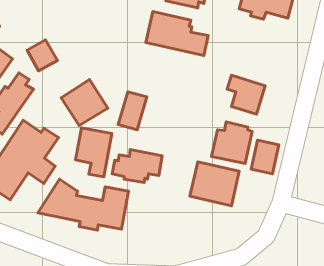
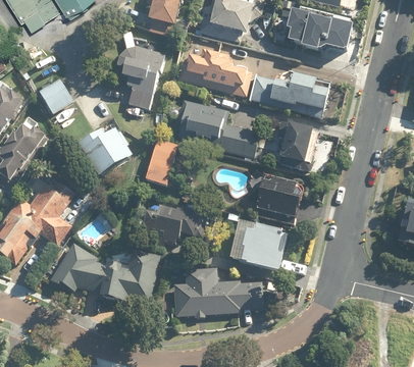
building: none -> [117,41,165,109]
building: none -> [250,67,328,118]
building: none -> [177,99,256,157]
building: [75,128,112,177] -> none
building: [251,140,279,174] -> none
building: none -> [172,269,264,315]

